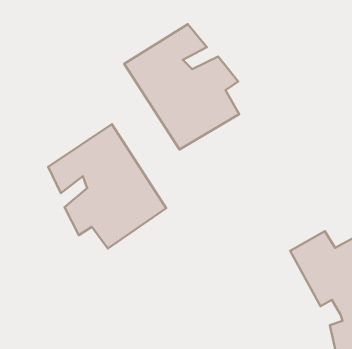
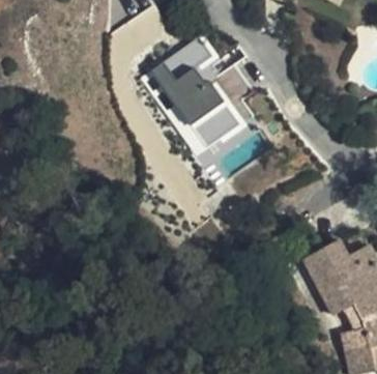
building: [48,124,166,249] -> none

